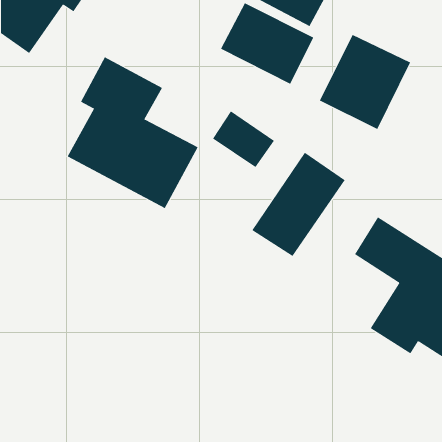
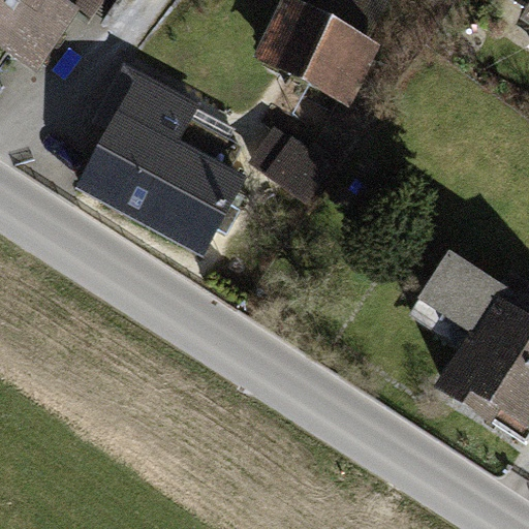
building: [319,34,411,130] -> none
building: [251,152,345,257] -> none

